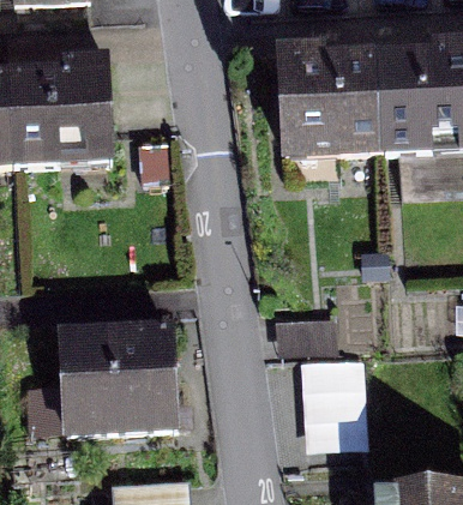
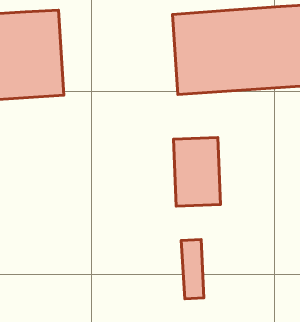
building: [54,323,169,427] -> none
building: [308,354,373,449] -> [173,138,220,206]

